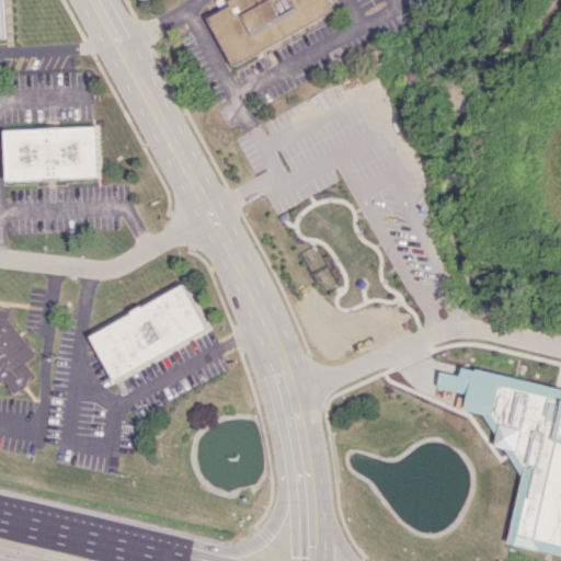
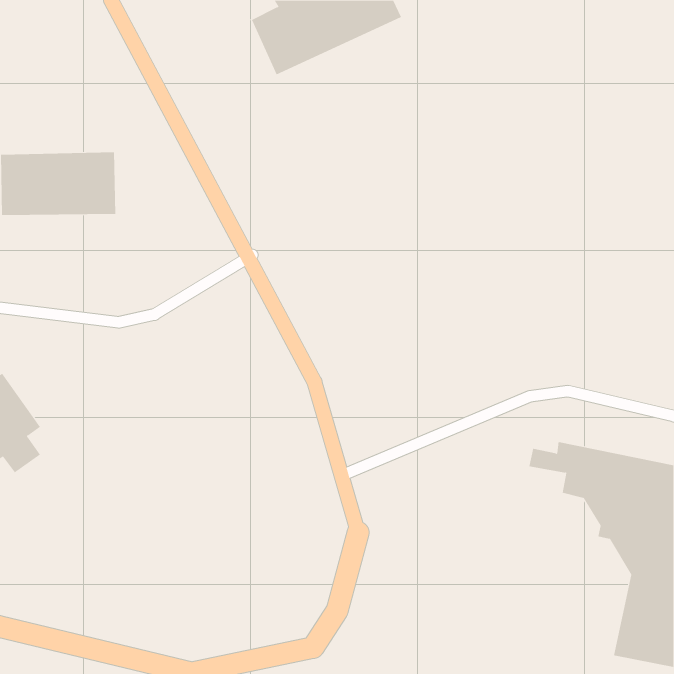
building: [88,287,206,378] -> none

